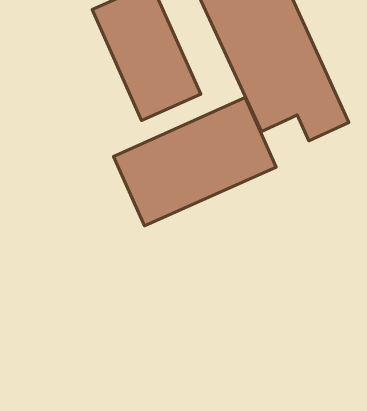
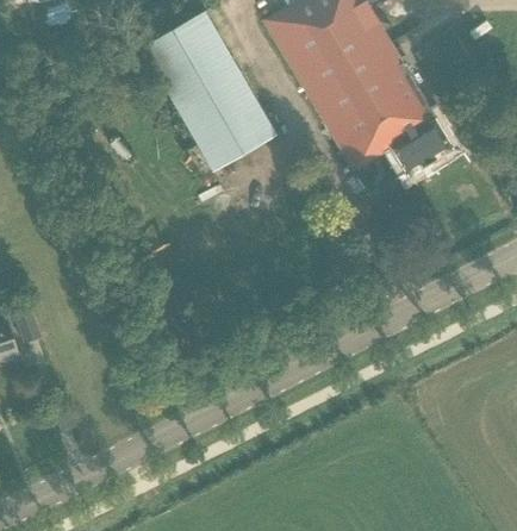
building: [113,98,276,226] -> none

